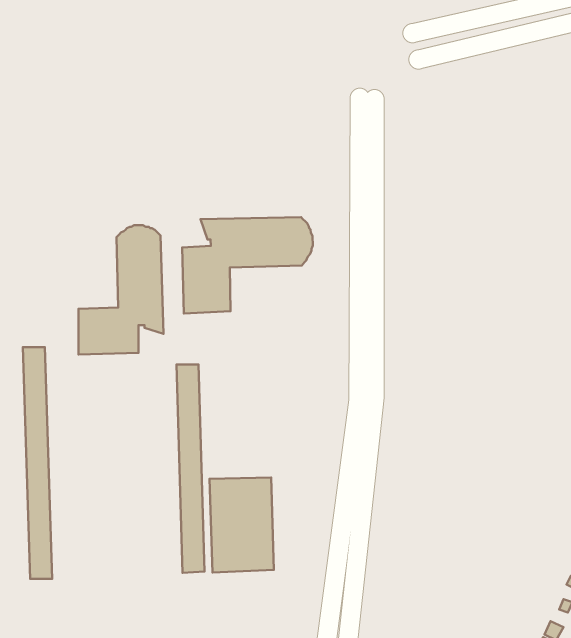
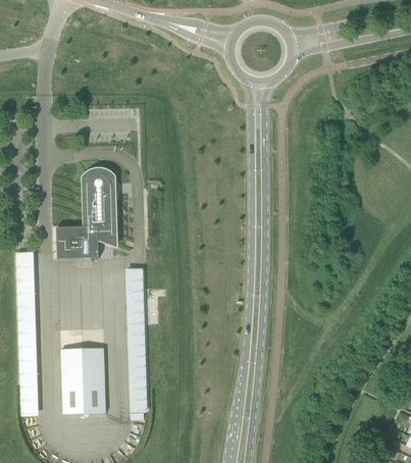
building: [182,217,313,314] -> none
building: [210,477,274,573] -> [61,348,106,414]

